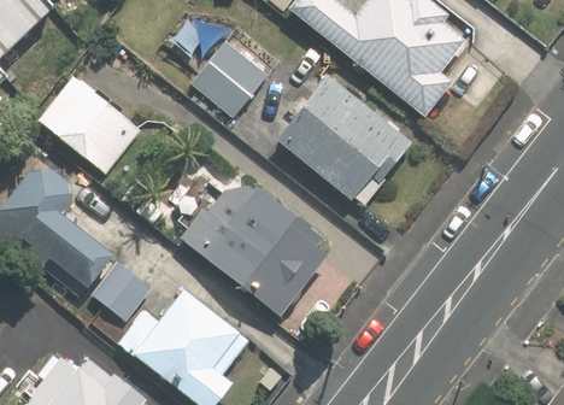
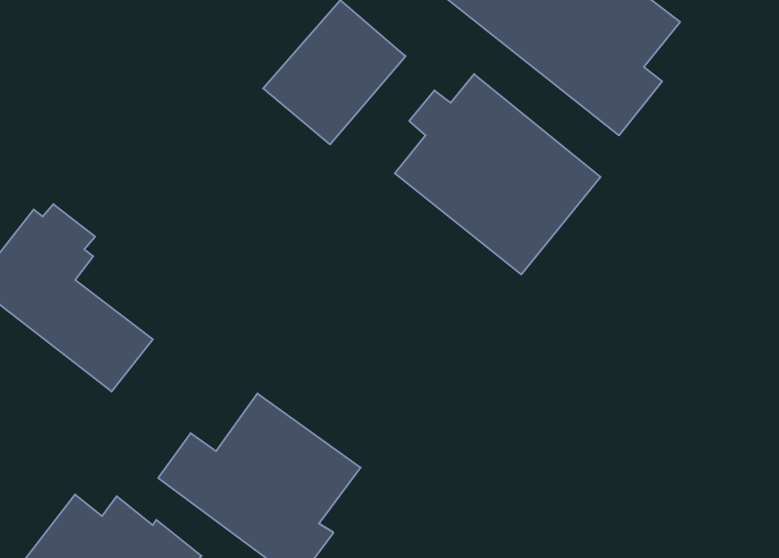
building: [37,76,141,177] -> none
building: [175,187,335,315] -> none
building: [89,259,154,324] -> none

